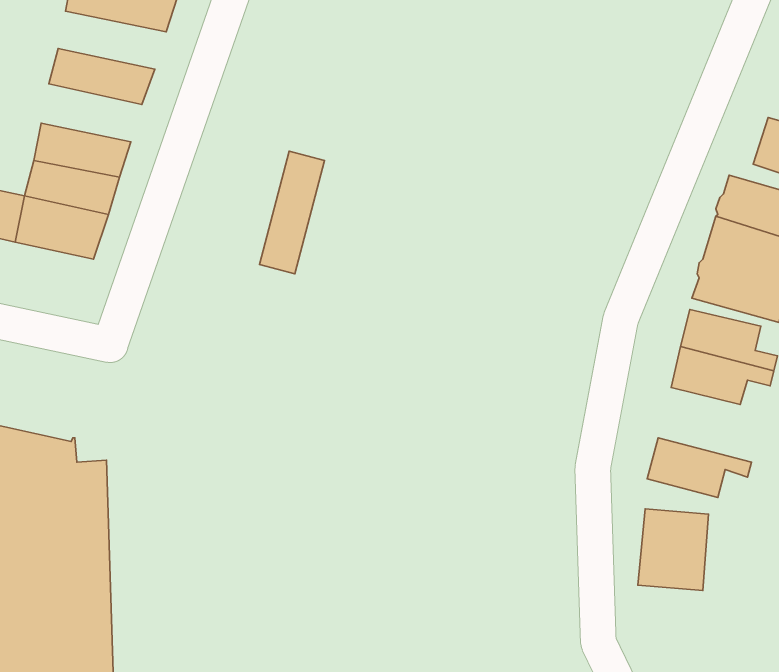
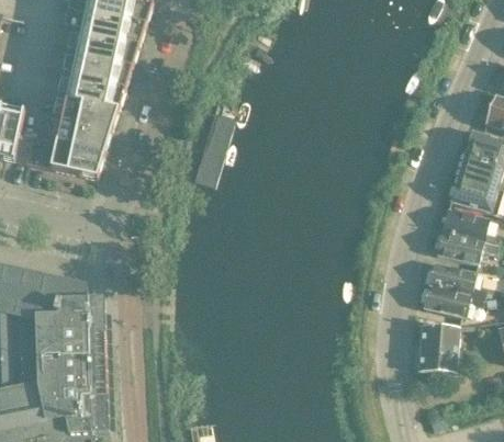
building: none -> [75,30,138,64]
building: none -> [65,72,124,106]
building: none -> [428,259,485,295]

